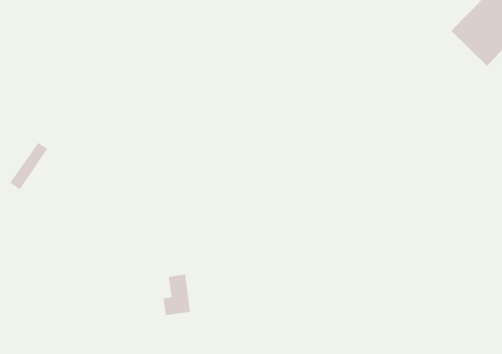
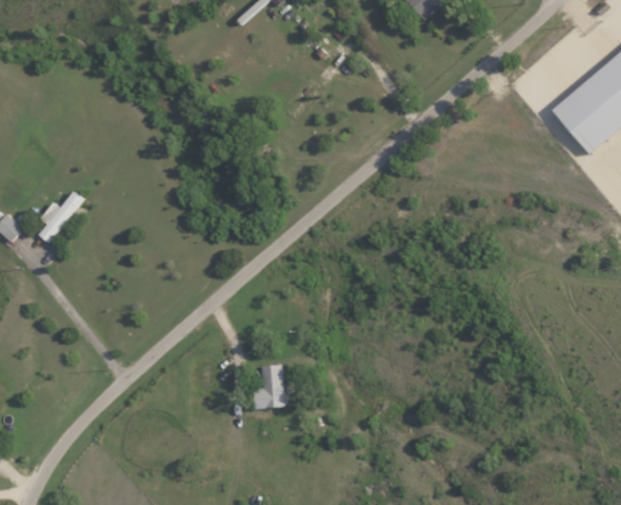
building: [163,274,191,316] -> [253,363,284,408]

